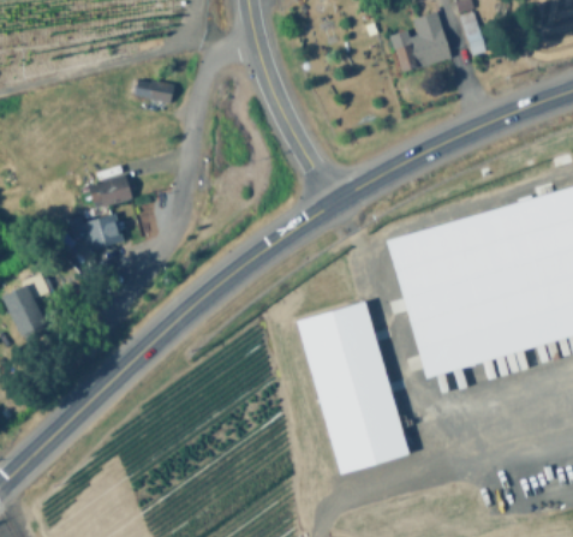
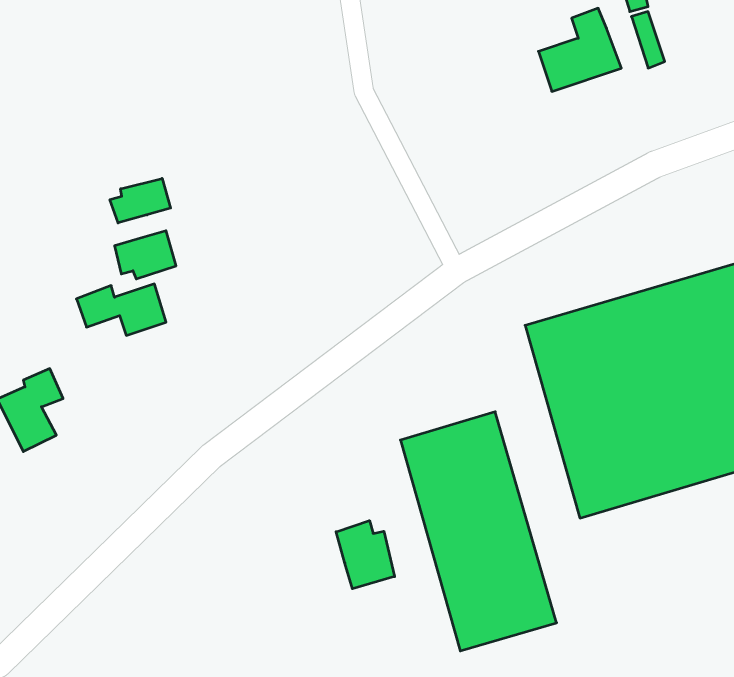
building: [136,76,175,102] -> none
building: none -> [110,178,171,223]
building: none -> [336,521,395,589]

